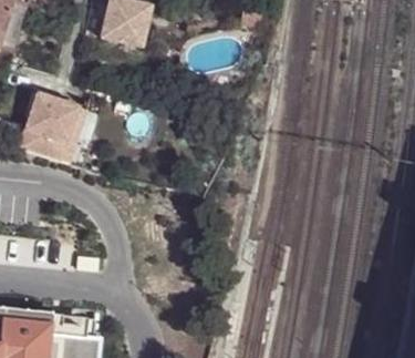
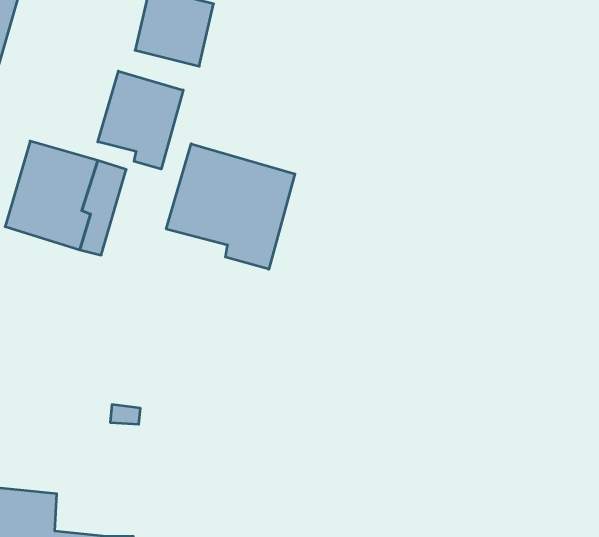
building: none -> [98,71,183,169]
building: none -> [166,144,295,269]

